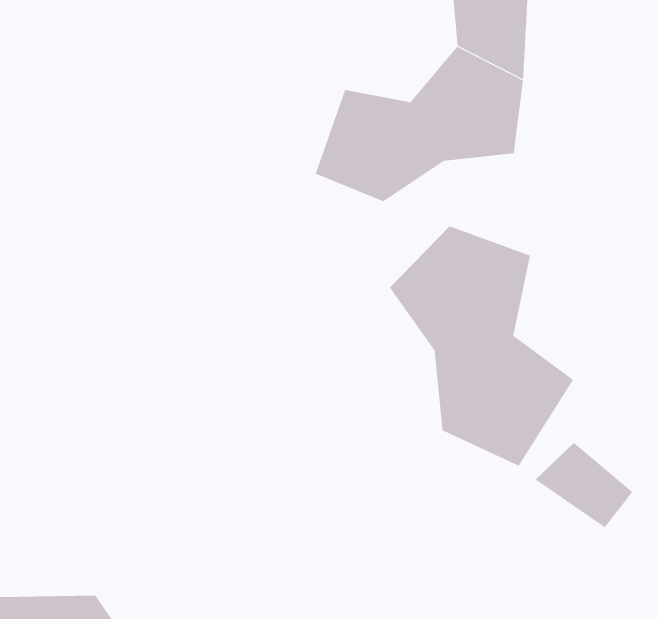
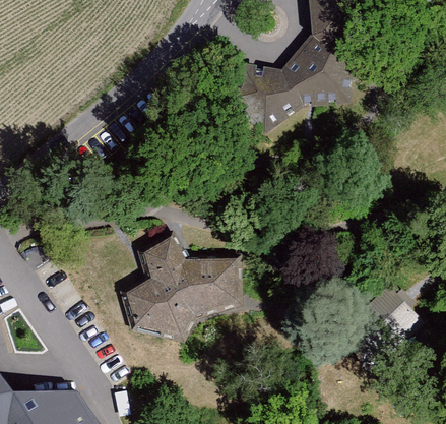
building: [389,225,574,466] -> none
building: none -> [122,235,239,341]

